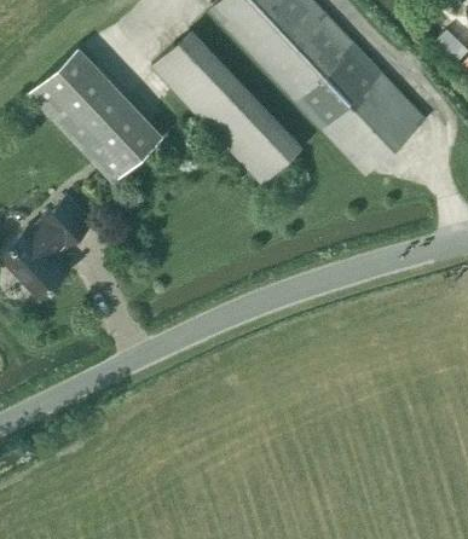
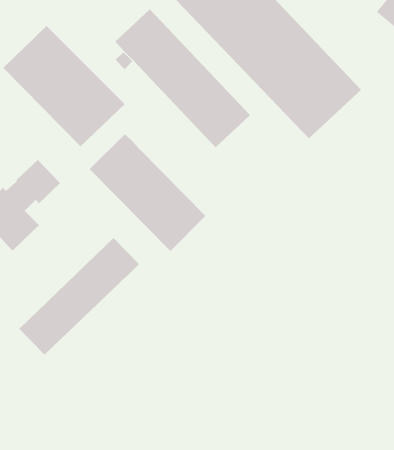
building: none -> [89,133,206,252]
building: none -> [19,237,140,355]

